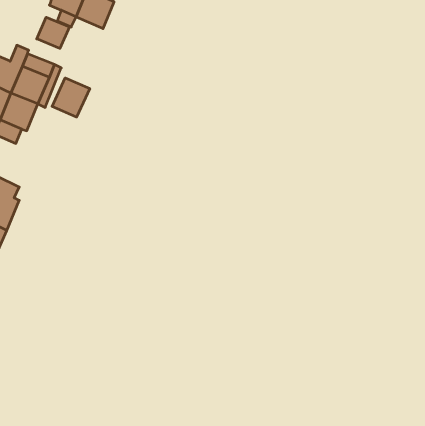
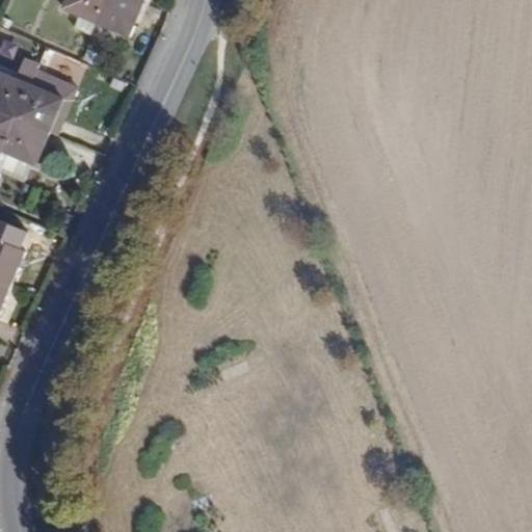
building: [37,17,69,48] -> none
building: [52,78,90,117] -> none

